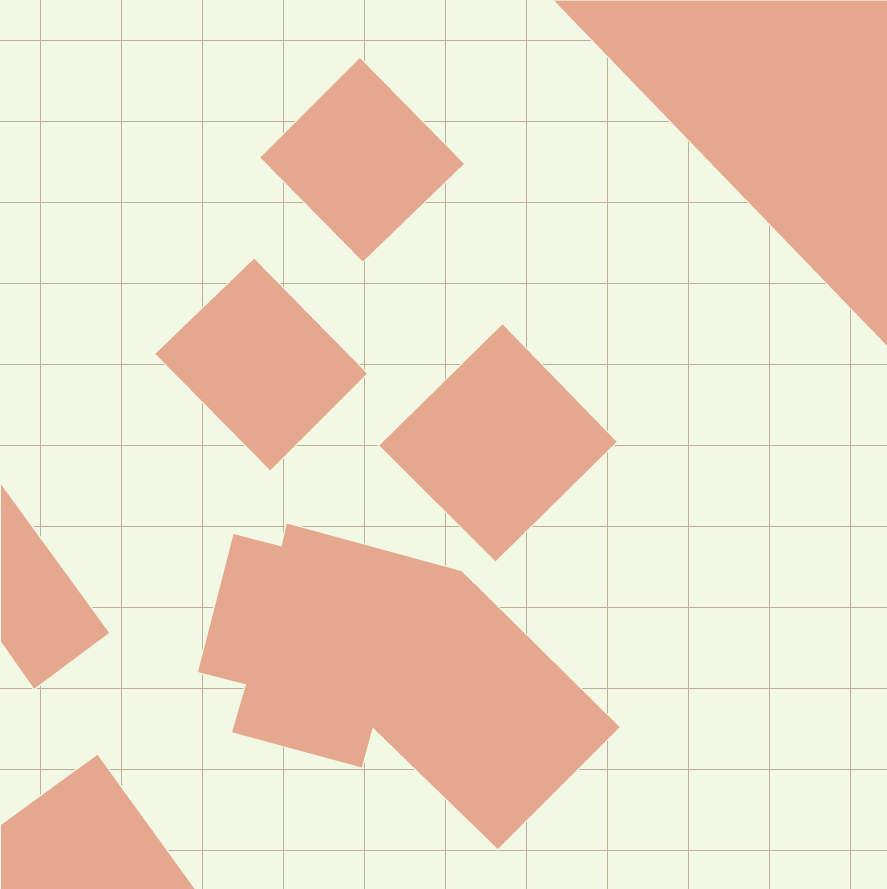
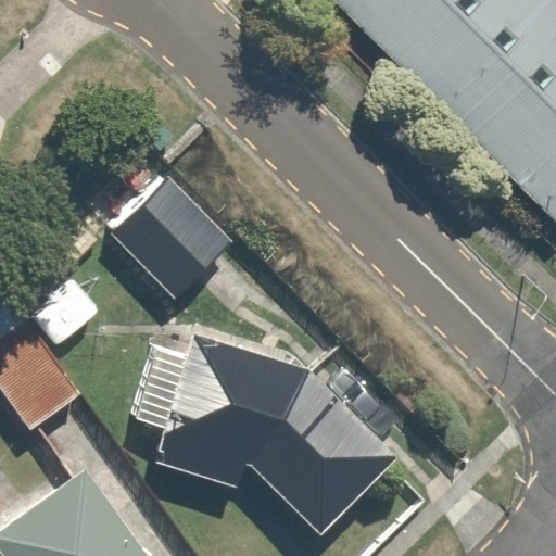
building: [260,57,465,263] -> none
building: [378,323,617,562] -> none

